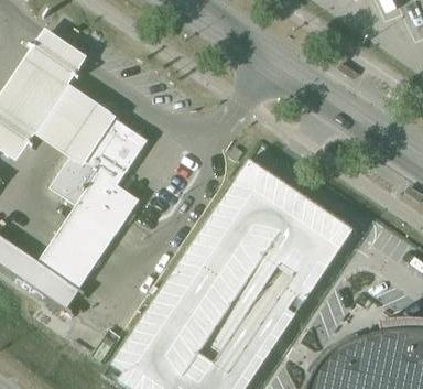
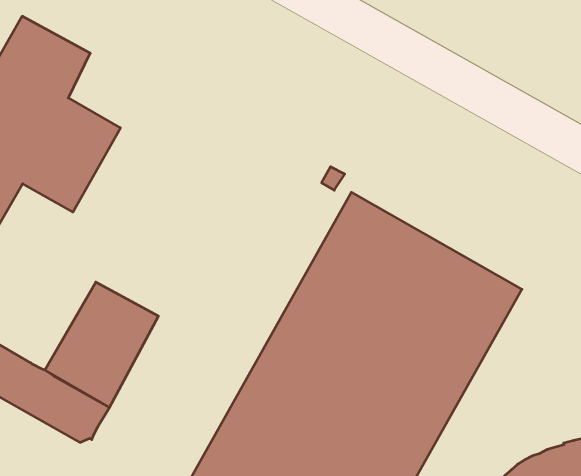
building: [50,104,148,227] -> none

